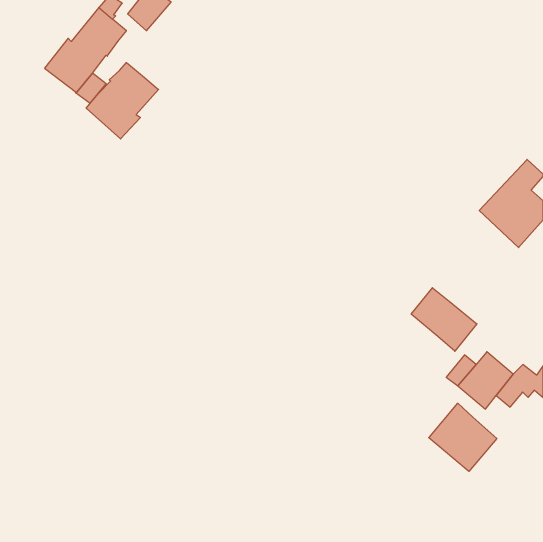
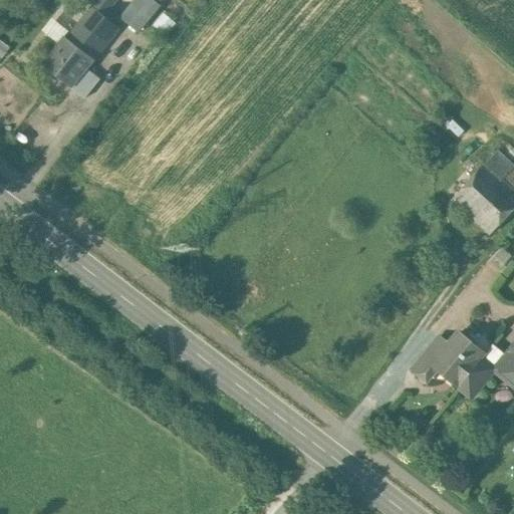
building: [86,63,159,139] -> none
building: [411,288,477,351] -> none
building: [429,403,497,471] -> none

